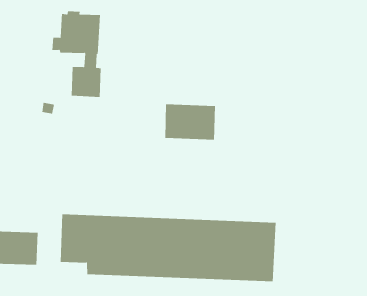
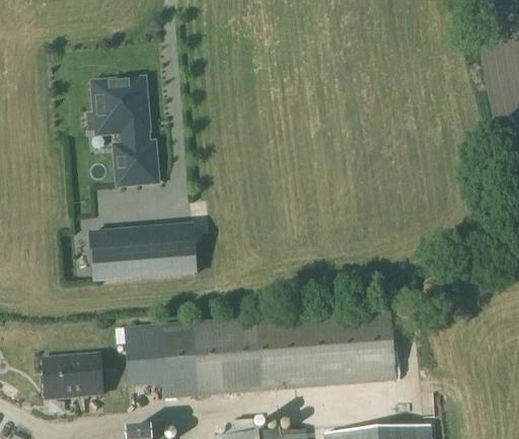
building: [165,103,216,141] -> none
building: none -> [91,223,196,280]

